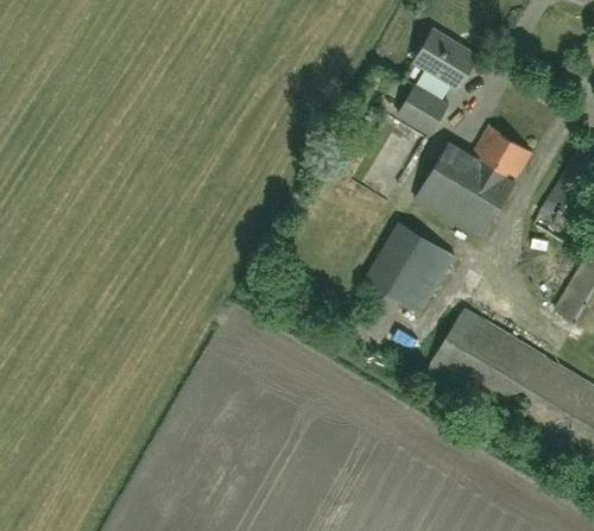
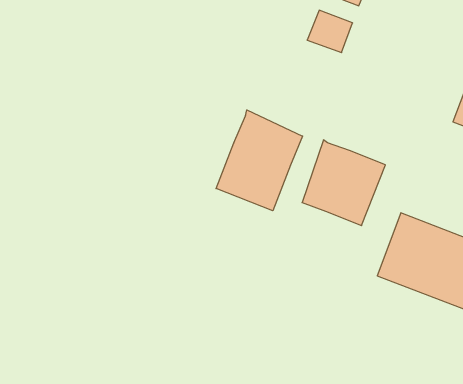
building: [417,126,533,236] -> none
building: none -> [216,110,303,211]

